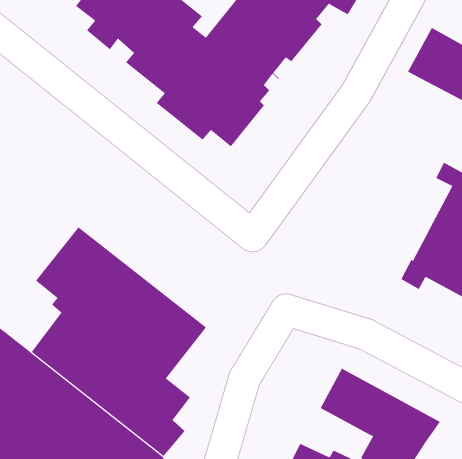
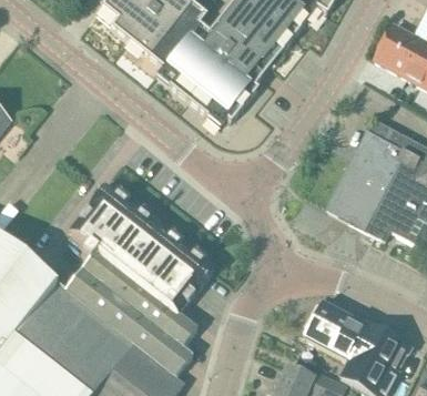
building: none -> [328,120,411,232]

